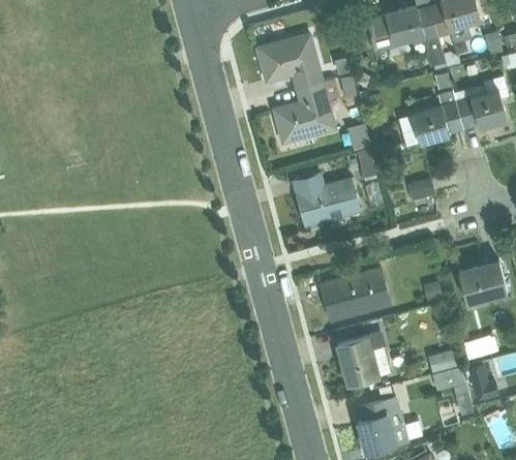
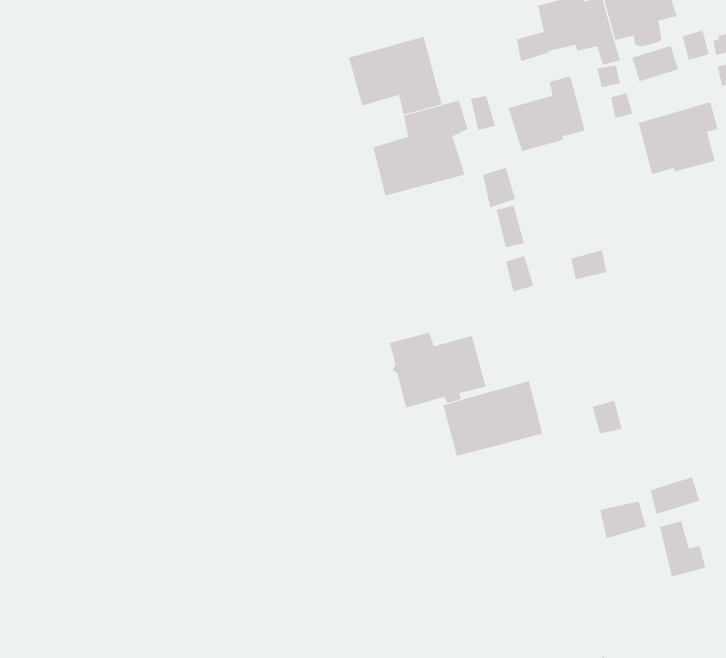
building: [411,91,463,143] -> [508,76,586,152]
building: [294,174,360,225] -> [389,332,486,408]
building: [458,262,508,305] -> none
building: [338,332,391,384] -> none
building: [432,367,473,413] -> none
building: [358,397,422,452] -> none

